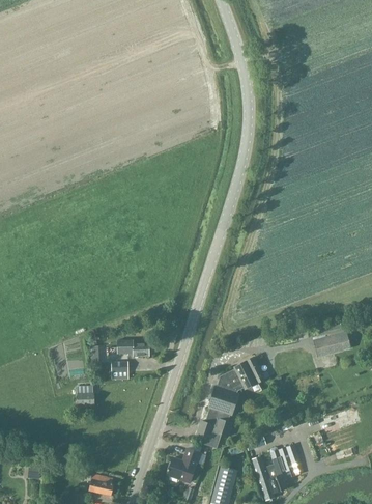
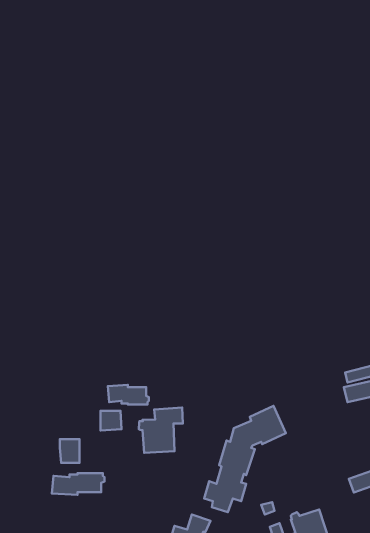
building: none -> [139,408,183,453]
building: none -> [52,473,104,495]

